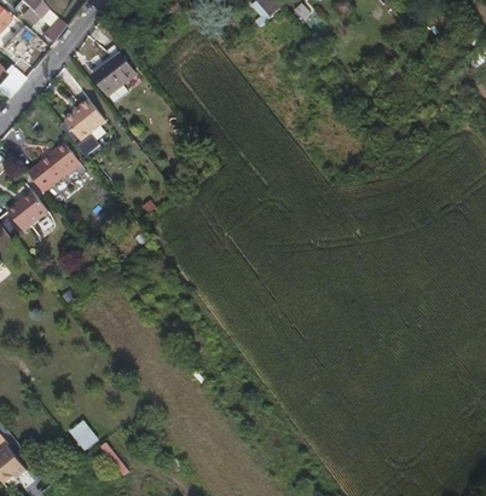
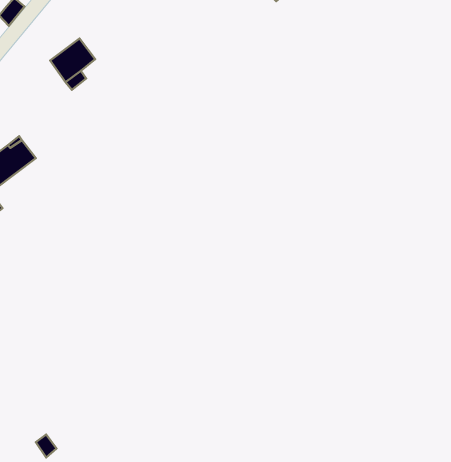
building: [63,98,104,140] -> none

